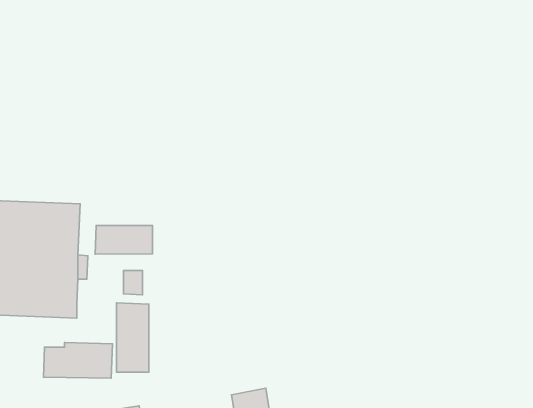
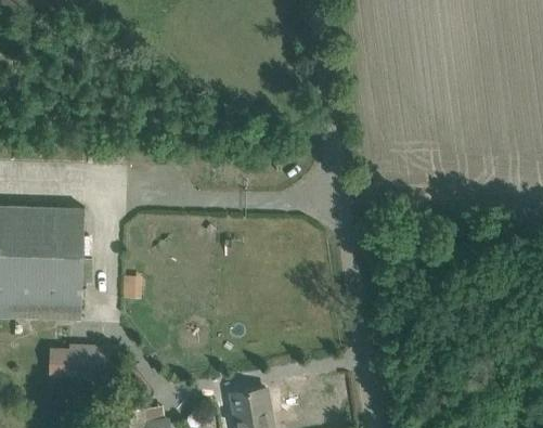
building: [95,225,152,254] -> none
building: [116,303,149,372] -> none

